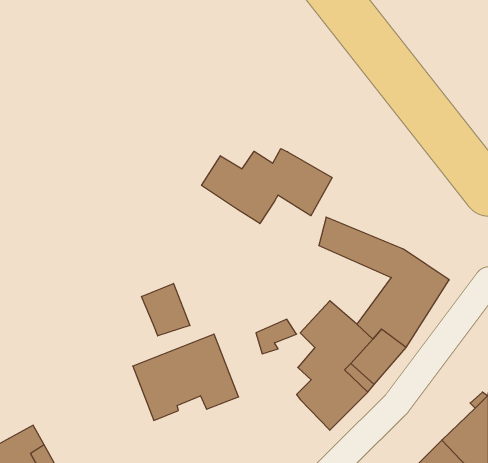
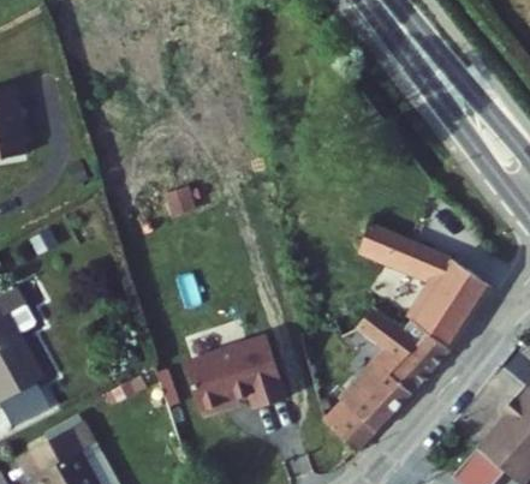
building: [202,149,332,224] -> none
building: [142,283,190,336] -> none
building: none -> [324,400,373,450]

